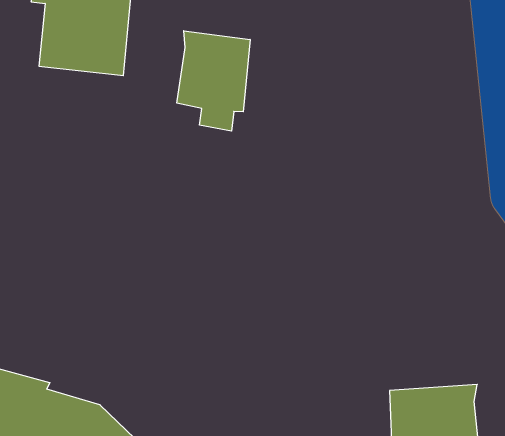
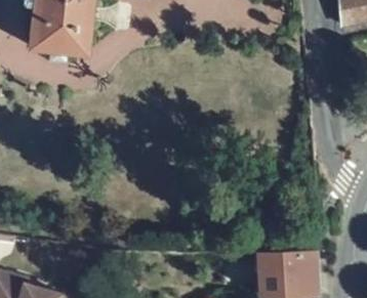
building: [177,31,250,131] -> none

